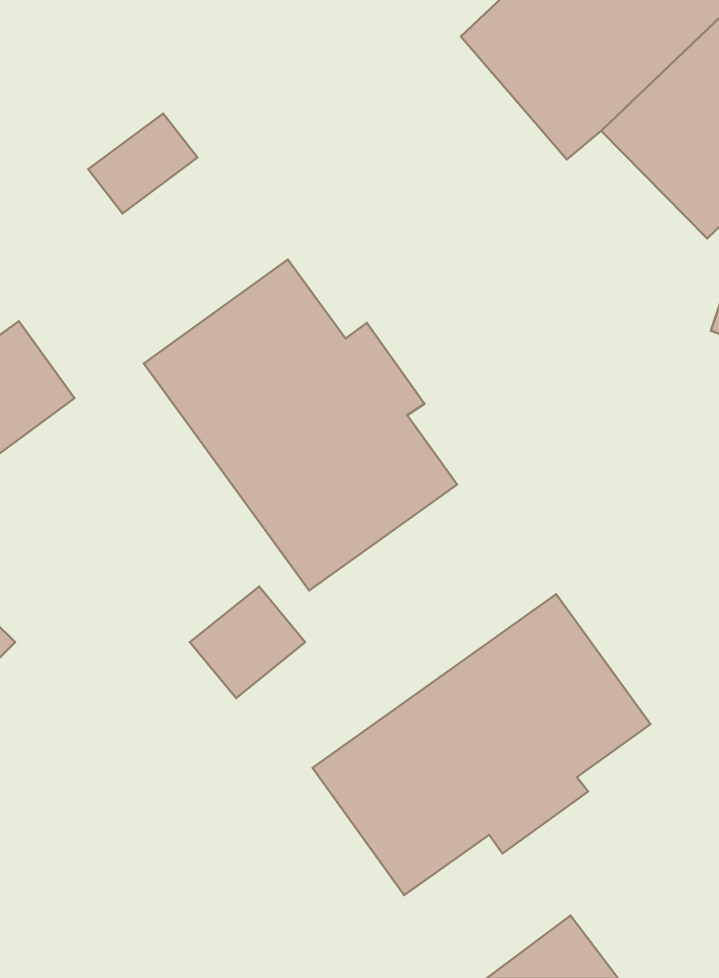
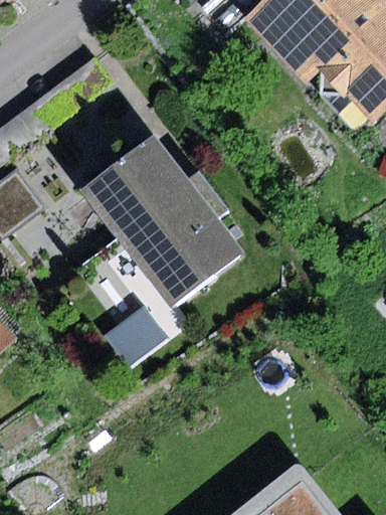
building: [313,594,651,895] -> none

